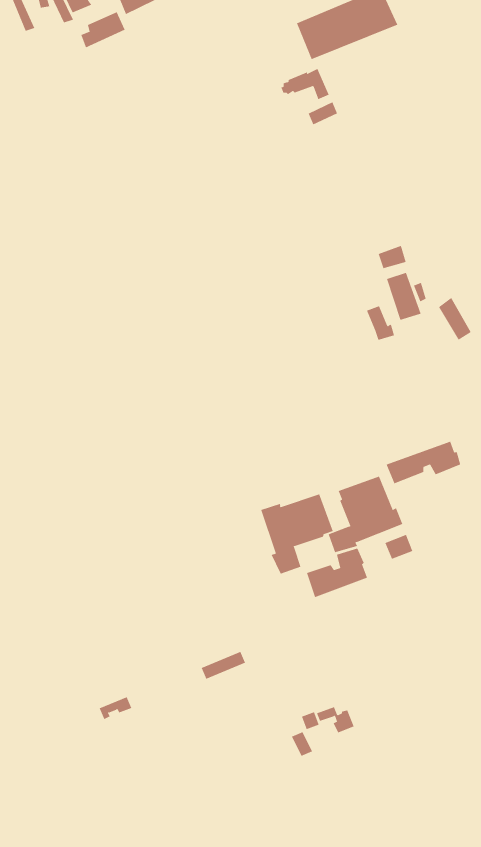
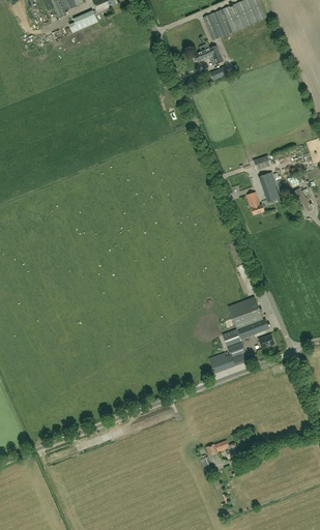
building: [386,441,461,484] -> none
building: [261,493,334,575] -> none

